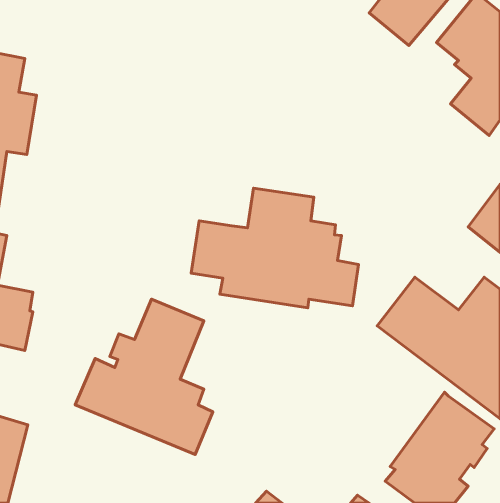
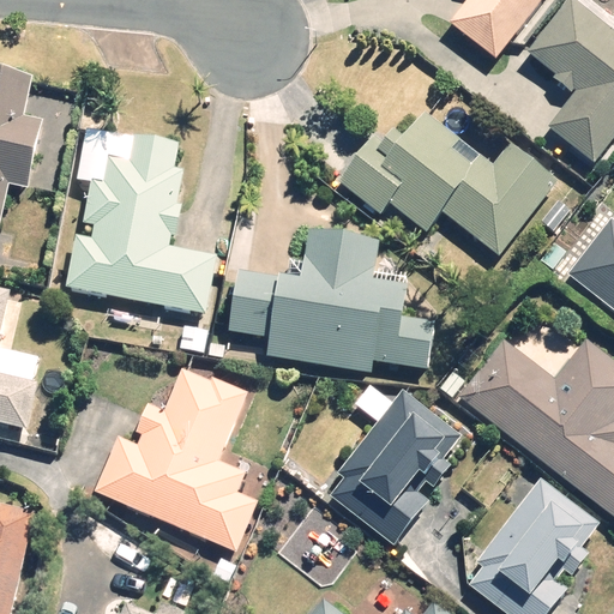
building: none -> [341,109,562,260]
building: none -> [66,130,217,312]
building: none -> [315,385,464,546]

